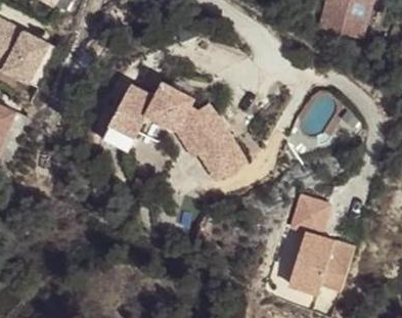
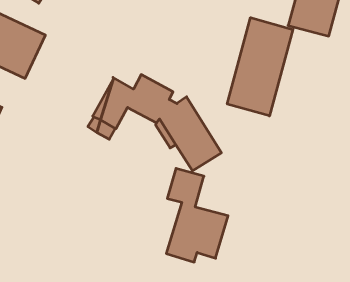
building: none -> [227,18,293,116]
building: [291,189,356,288] -> [166,168,228,262]

